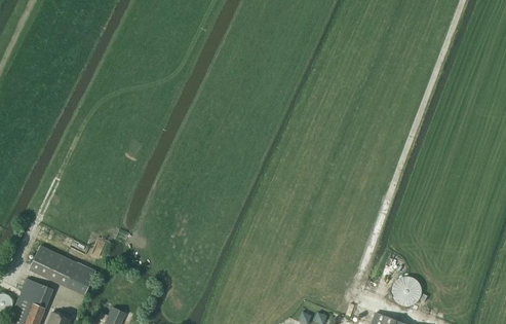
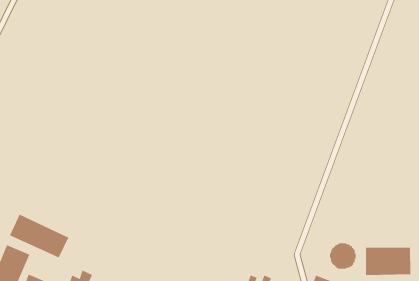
building: none -> [366,247,411,276]

